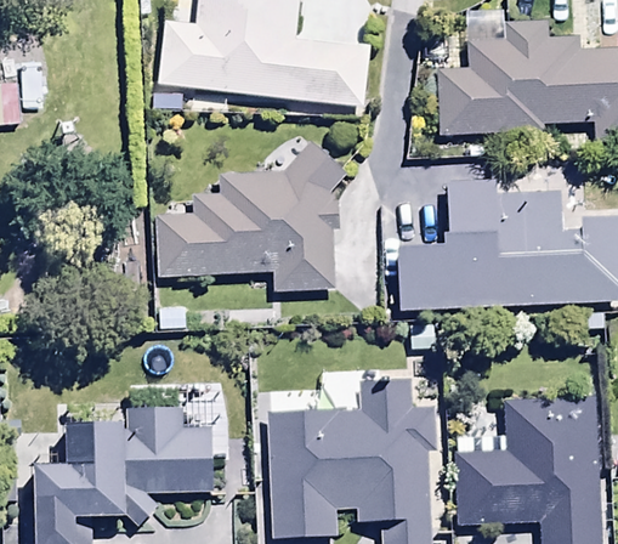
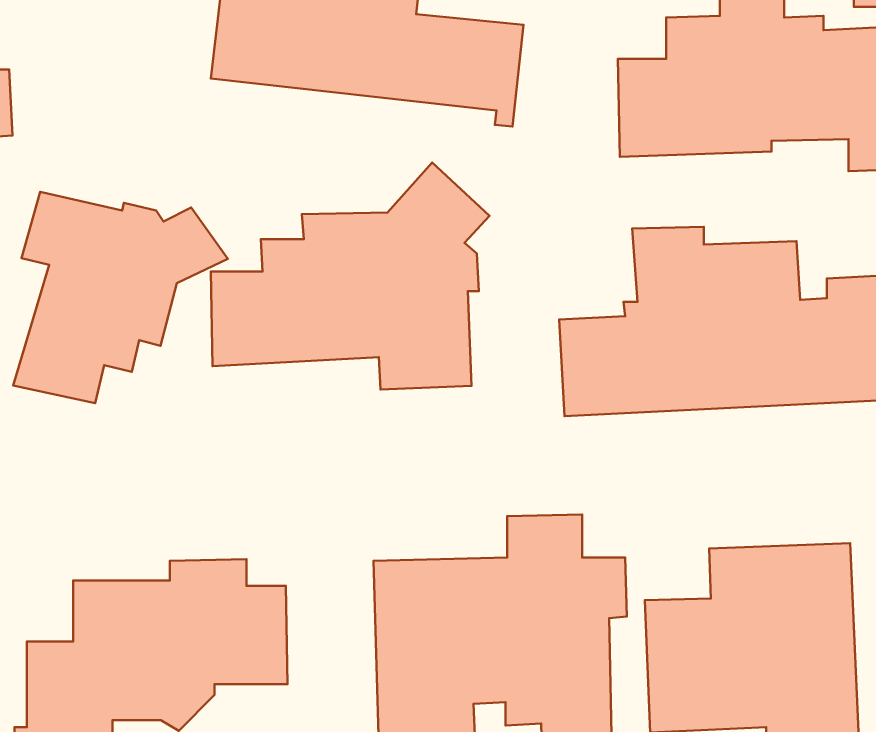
building: none -> [13,192,228,403]

